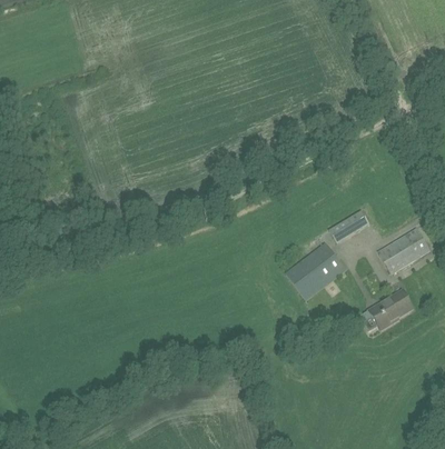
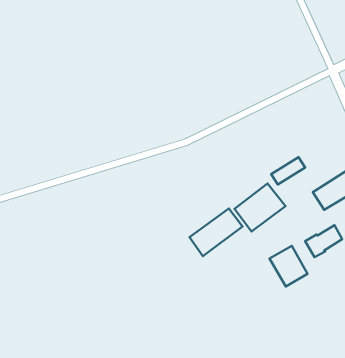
building: none -> [190,208,242,256]
building: none -> [270,246,308,287]

